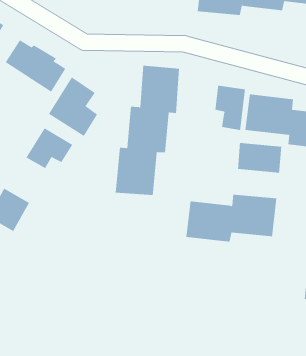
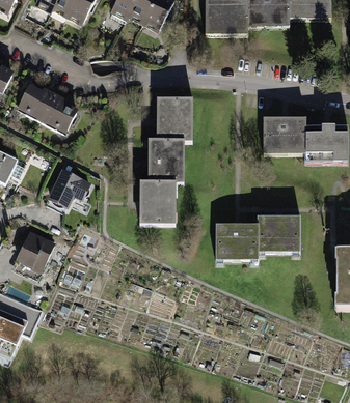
building: [48,76,98,137] -> none
building: [215,85,245,131] -> none
building: [237,142,282,173] -> none

